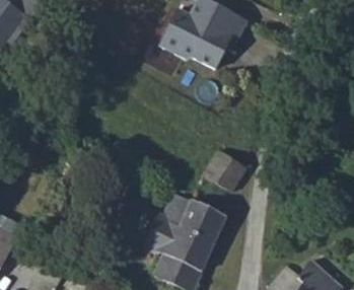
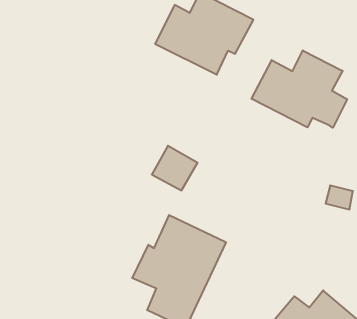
building: none -> [252,50,347,128]
building: [203,152,243,192] -> [152,146,198,190]

